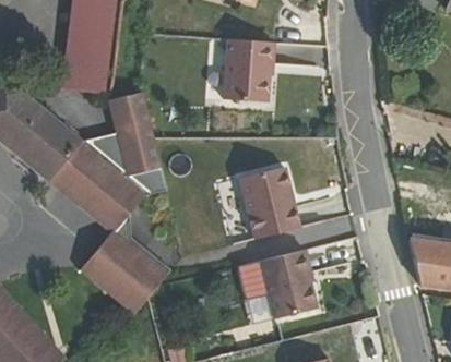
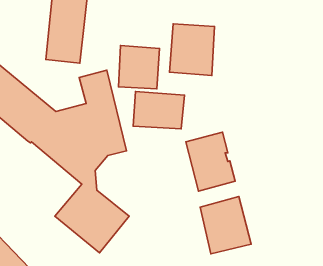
building: none -> [118,46,159,89]
building: none -> [133,91,185,129]

